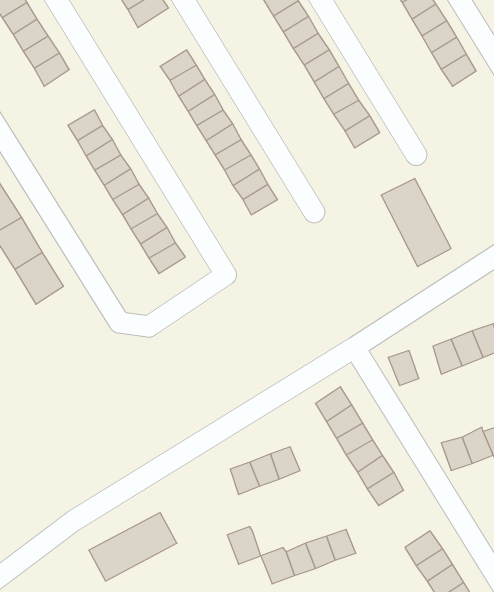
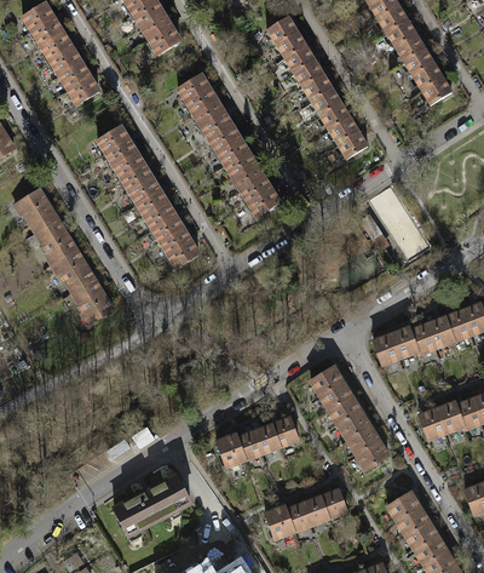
building: none -> [69,277,113,322]
building: none -> [392,326,419,357]
building: [227,527,261,564] -> [215,432,244,465]

